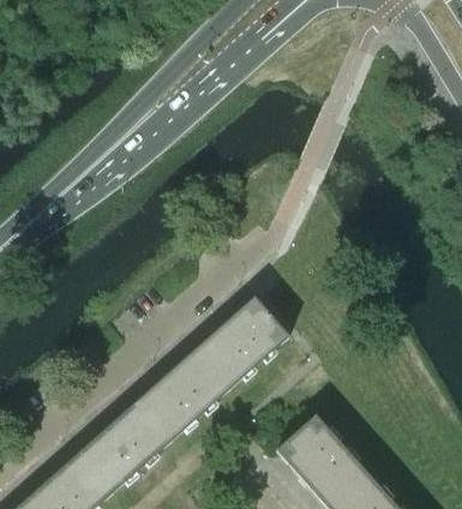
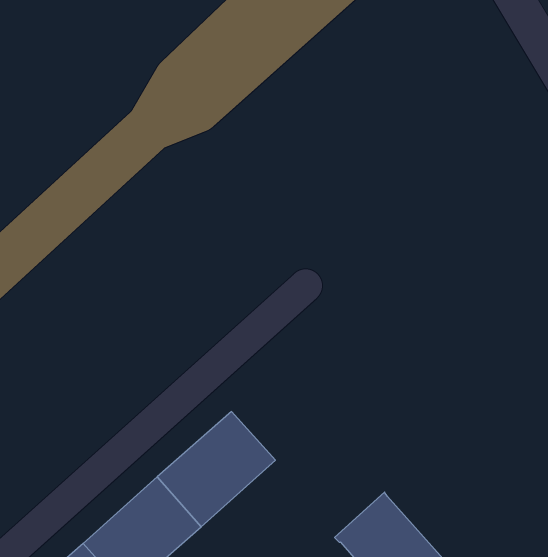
building: [193,298,288,390] -> none

